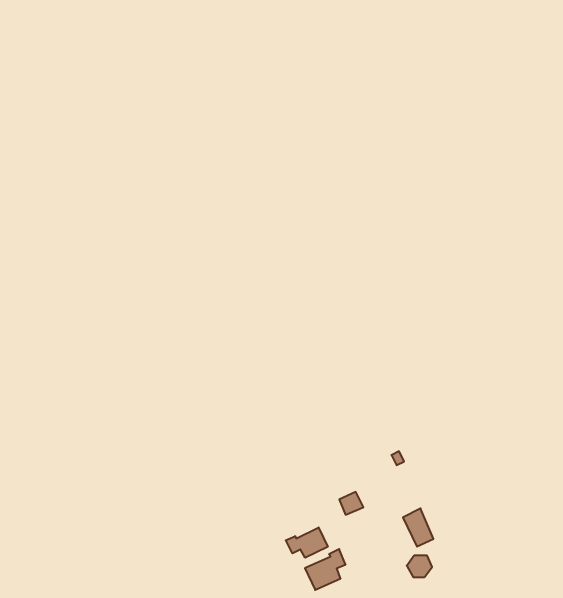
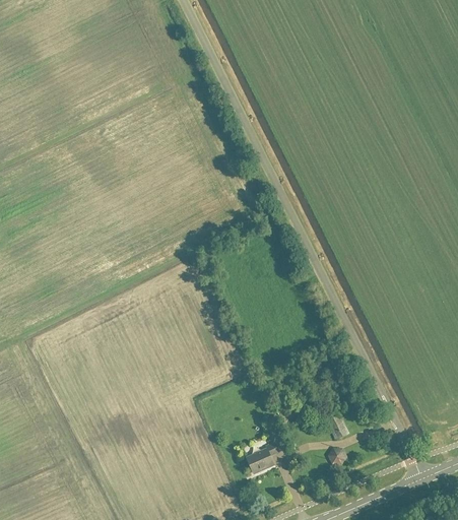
building: [286,527,328,558] -> none

